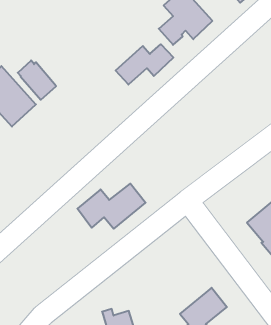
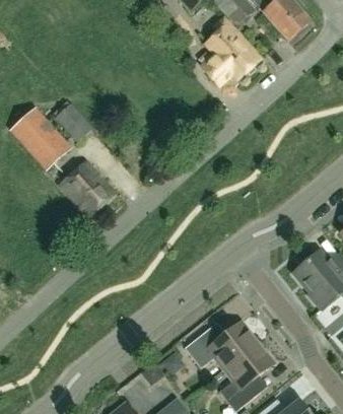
building: [116,44,173,85] -> none
building: none -> [61,160,115,215]
building: [77,184,146,229] -> [186,320,258,367]

